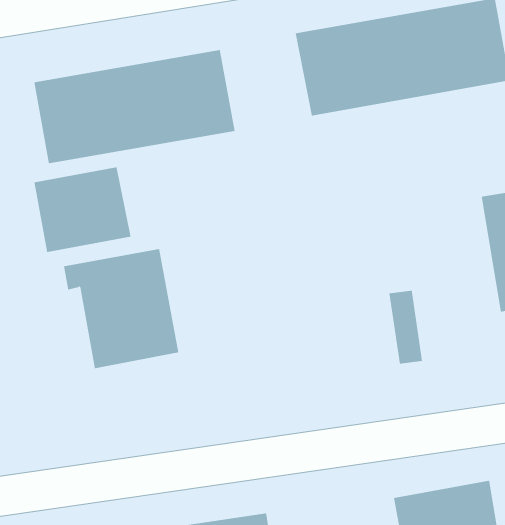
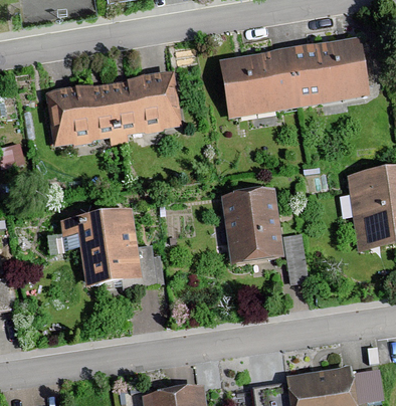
building: [34,167,131,253] -> none
building: none -> [222,190,284,264]

